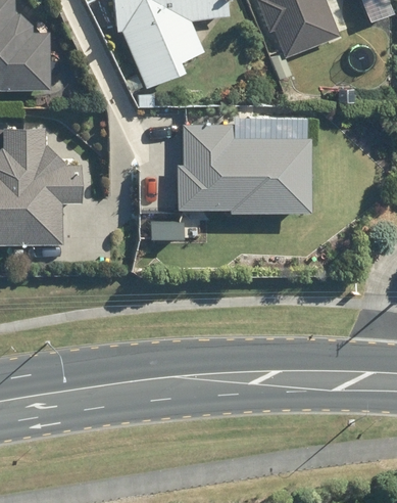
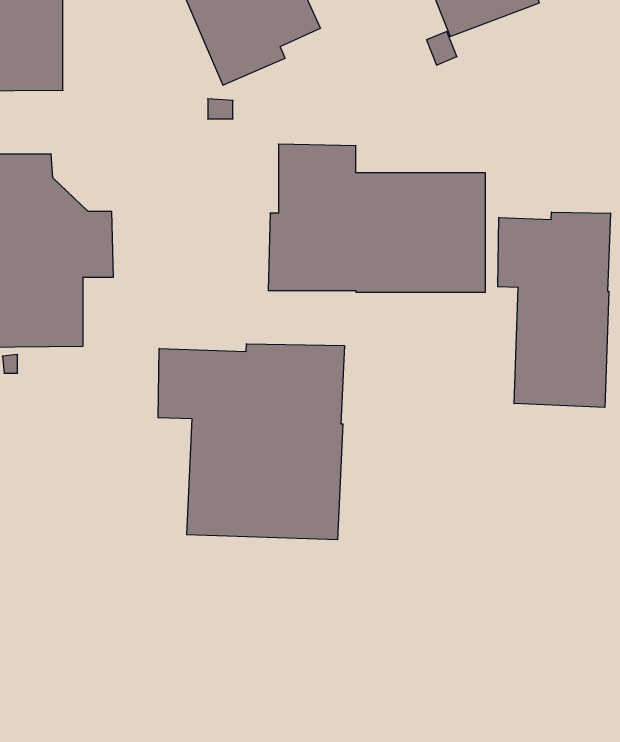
building: none -> [498,212,610,407]
building: none -> [158,344,344,540]

